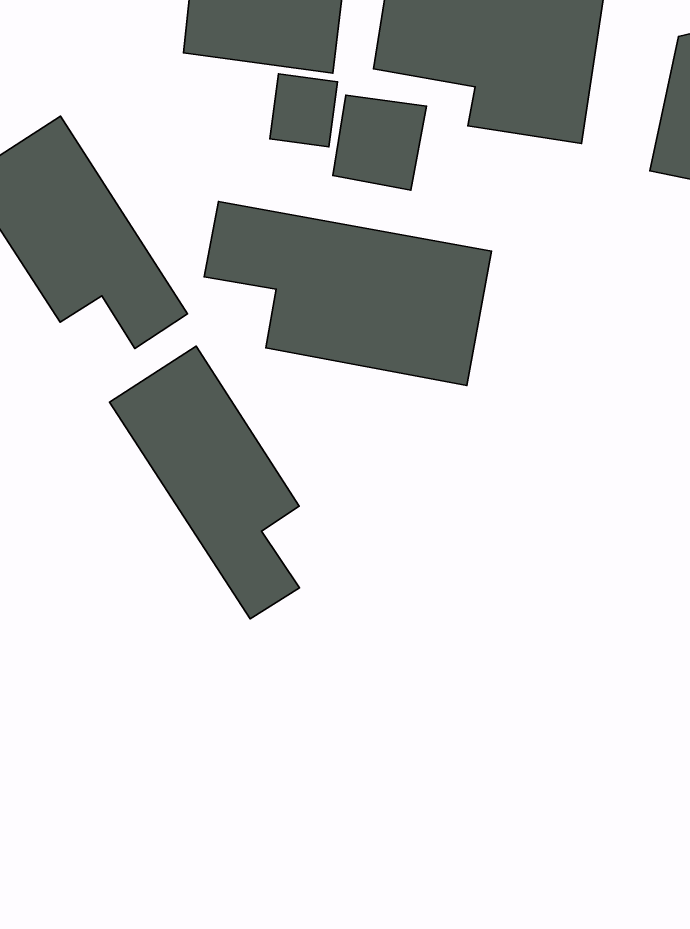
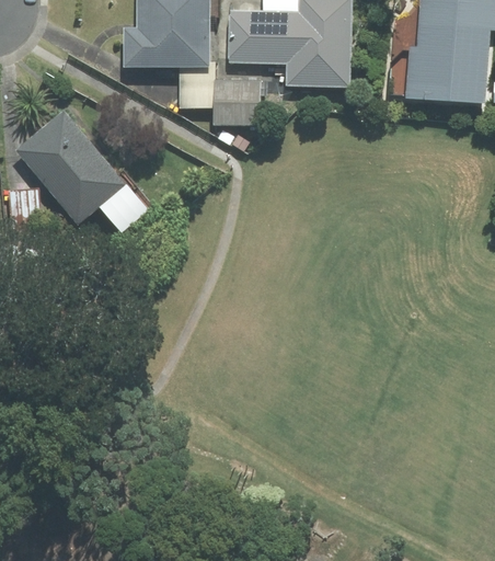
building: [204,202,492,385] -> none
building: [109,346,299,619] -> none

